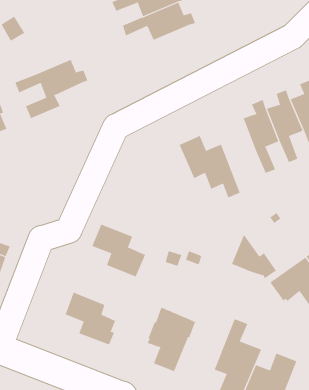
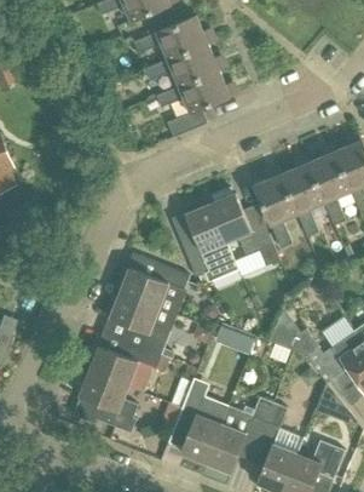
building: [15,59,88,119] -> [156,69,239,137]
building: none -> [253,165,296,248]
building: none -> [179,205,226,276]
building: none -> [121,254,190,309]
building: none -> [89,342,161,387]
building: none -> [204,396,272,473]

